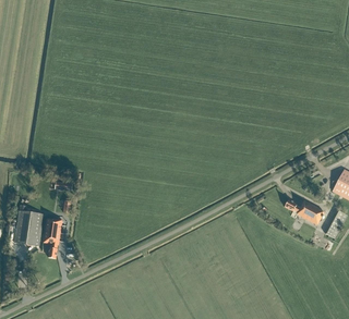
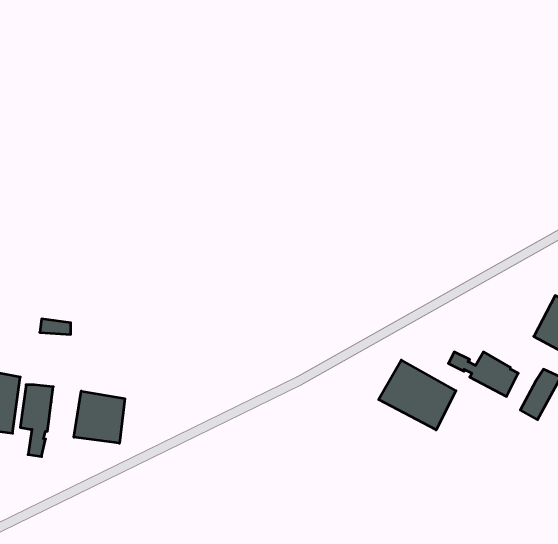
building: none -> [379,360,456,430]
building: none -> [74,391,125,443]

